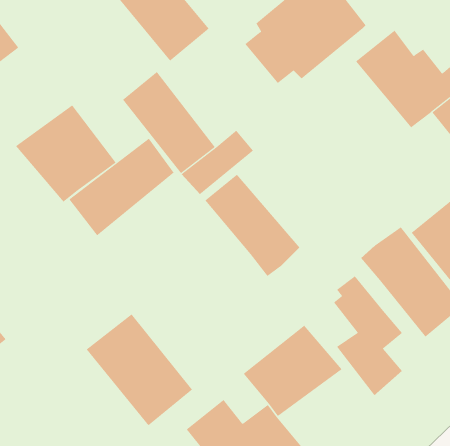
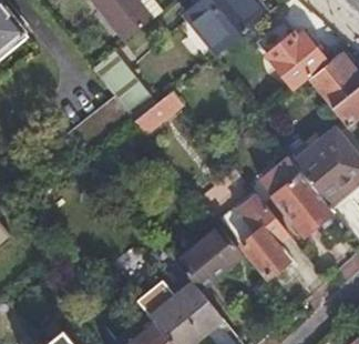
building: [15,105,117,203] -> none
building: [205,174,300,277] -> none
building: [86,313,193,426] -> none

